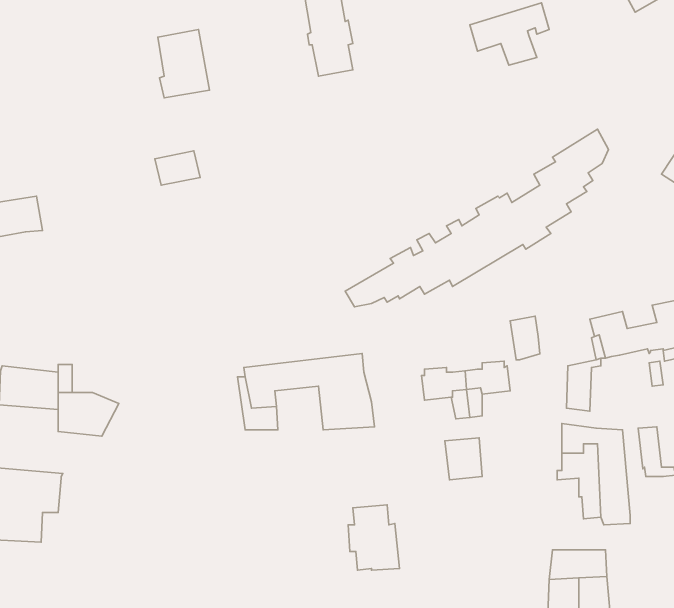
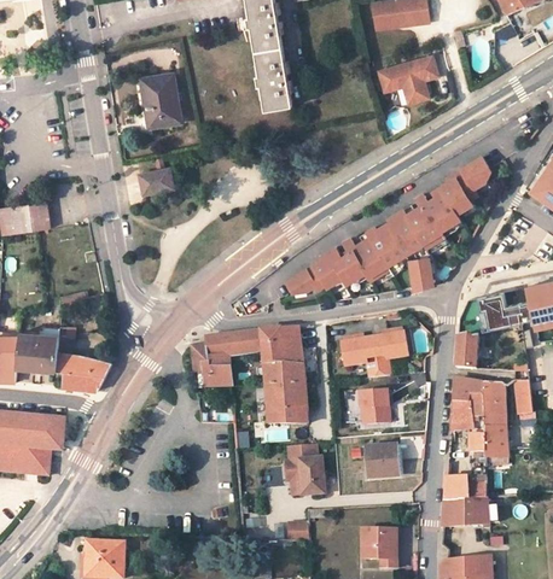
building: [510,316,540,360] -> [409,255,432,288]
building: none -> [268,384,309,425]
building: none -> [368,445,401,478]

